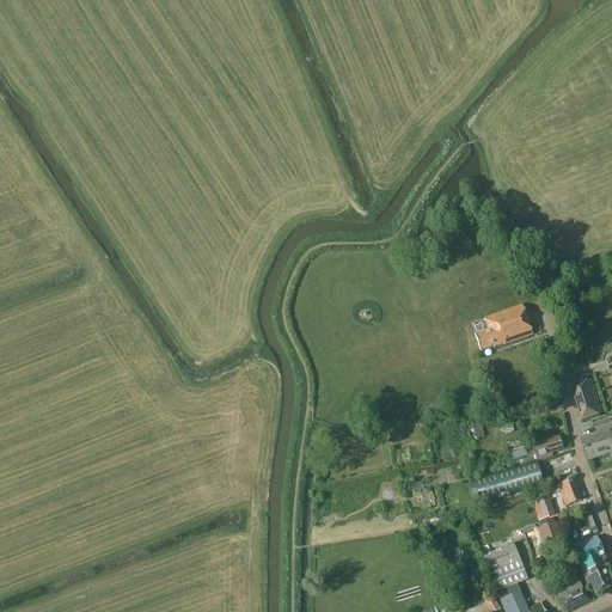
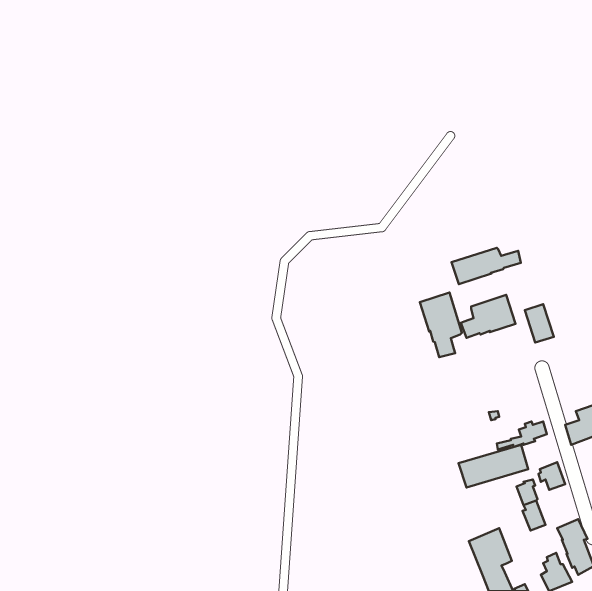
building: none -> [452,248,521,284]
building: none -> [420,293,462,357]
building: [571,378,601,417] -> [525,304,554,343]

